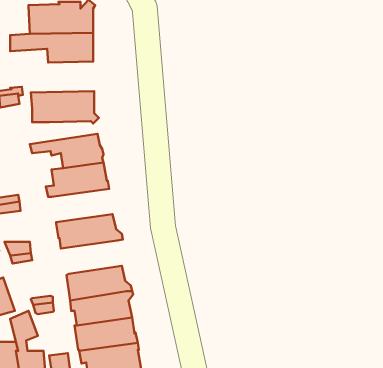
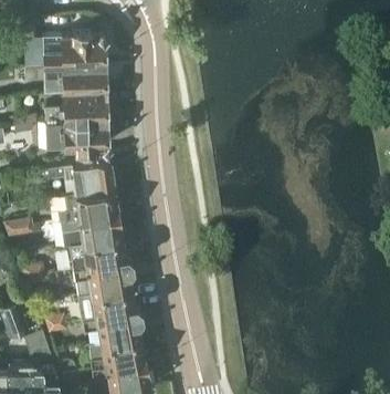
building: none -> [44,91,105,121]
building: none -> [60,214,123,248]
building: none -> [73,262,133,297]

